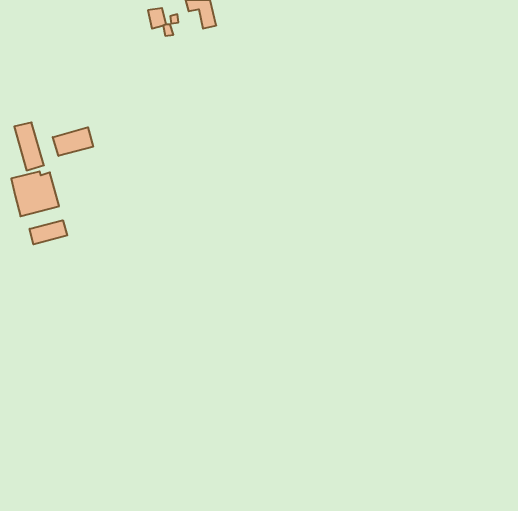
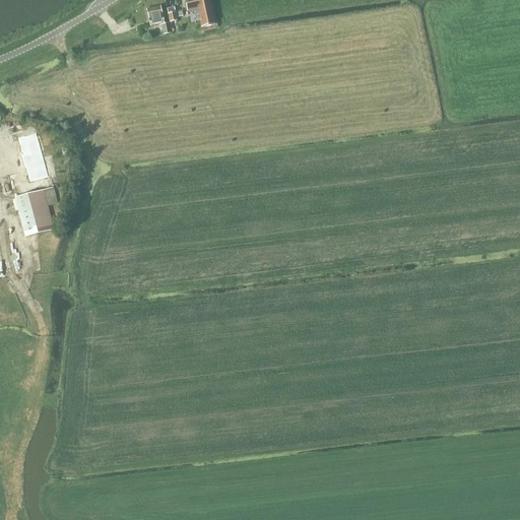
building: [53,127,93,156] -> none
building: [30,220,67,244] -> none

